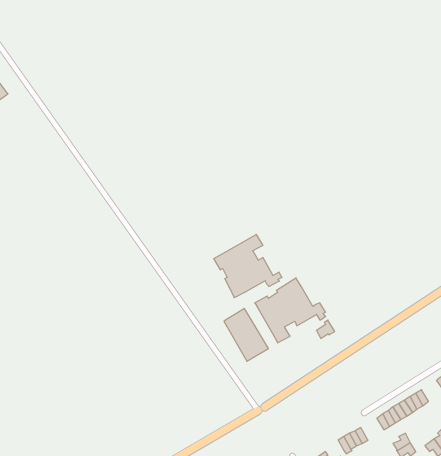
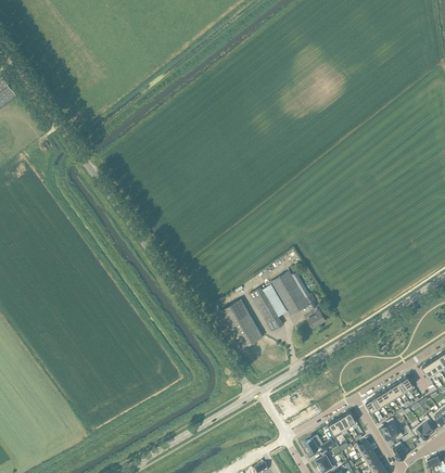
building: [214,234,282,298] -> none

